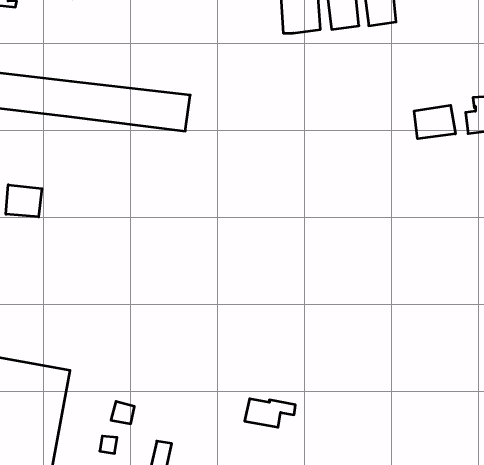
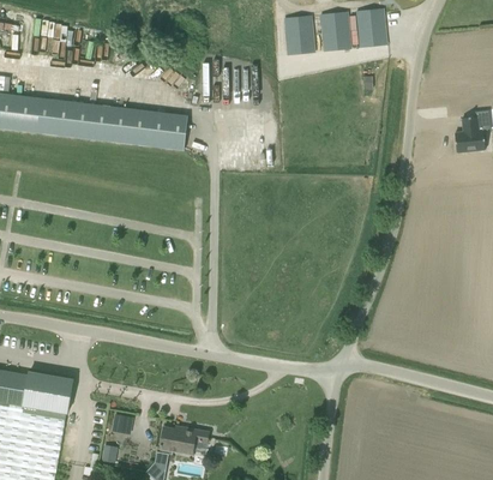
building: [414,105,455,139] -> none
building: [6,185,42,217] -> none
building: [245,399,295,427] -> [158,426,208,454]

